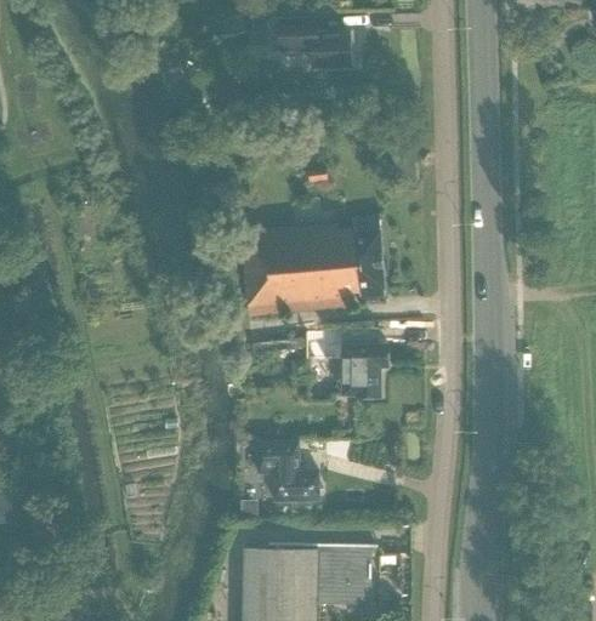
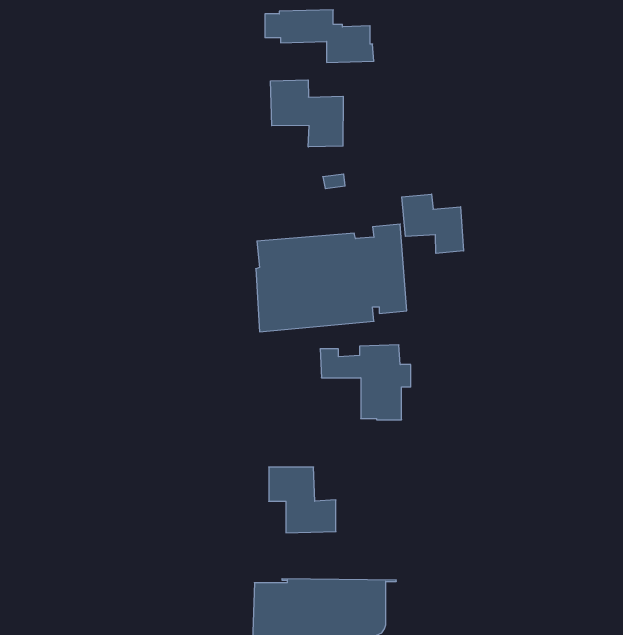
building: none -> [271,80,343,147]
building: none -> [402,194,464,253]

